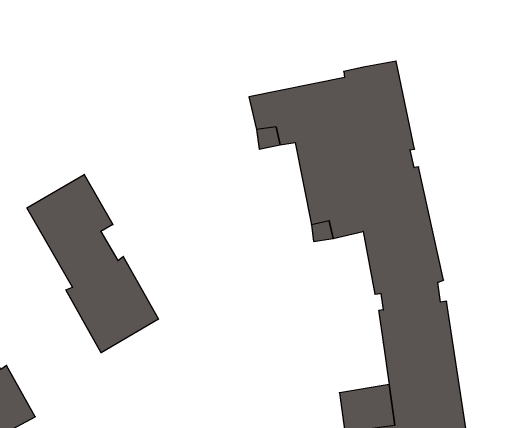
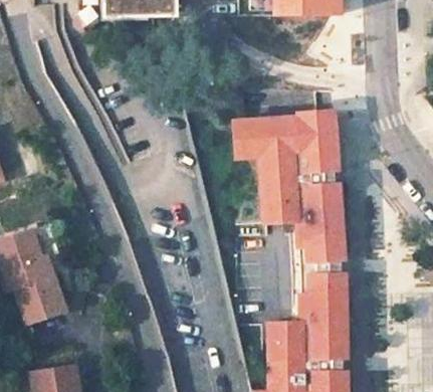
building: [27,174,158,353] -> none

